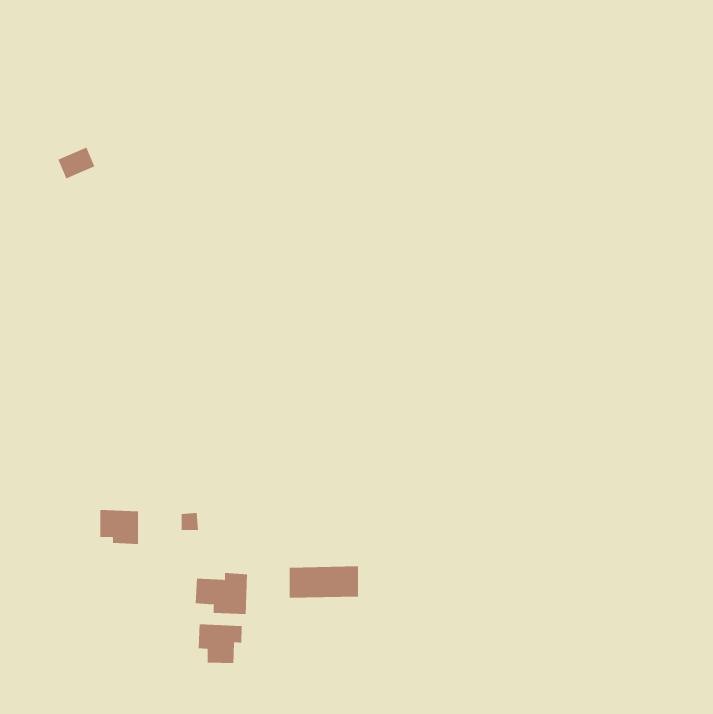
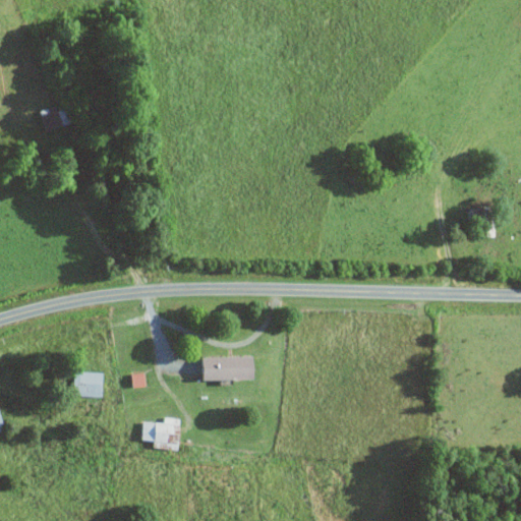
building: [289,566,359,598] -> [204,356,254,380]
building: [198,623,242,664] -> none

